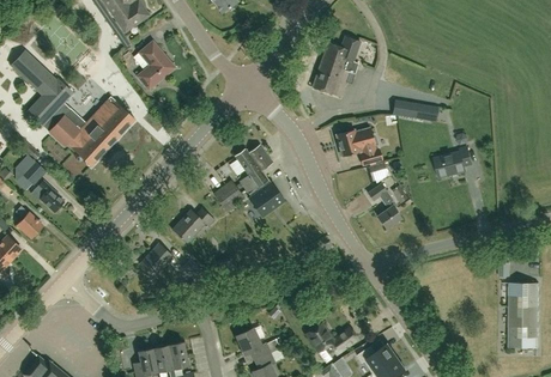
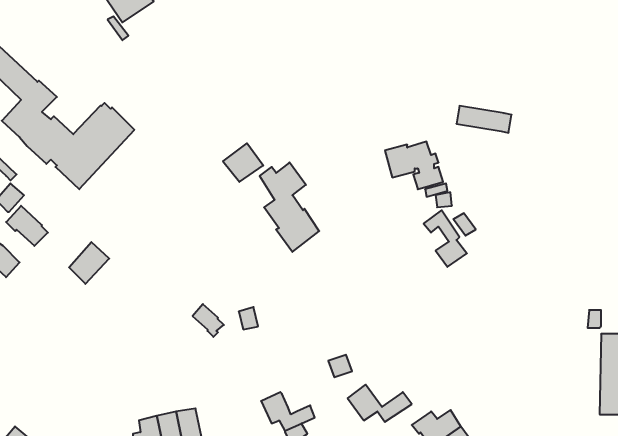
building: [313,36,359,97] -> none
building: [137,41,174,90] -> none
building: [434,147,471,177] -> none
building: [212,180,244,211] -> [223,143,263,182]
building: [171,208,214,243] -> none
building: [140,243,172,276] -> [69,242,109,284]

